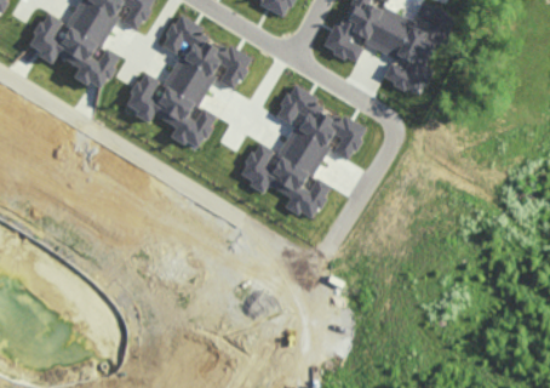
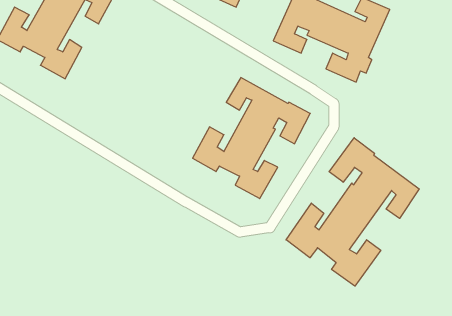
building: [122,17,250,149] -> none
building: none -> [286,138,419,286]

